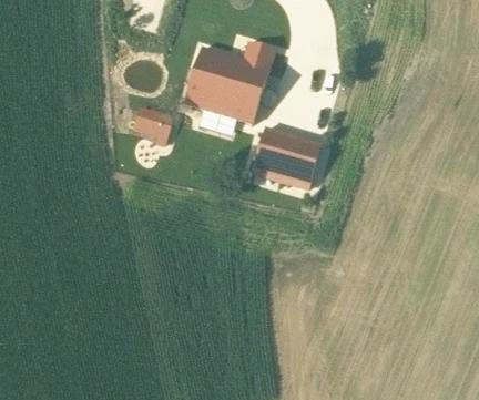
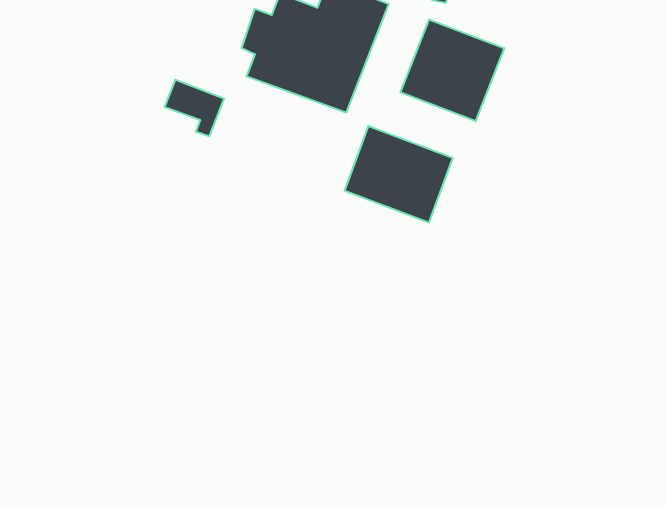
building: none -> [401,19,504,121]

